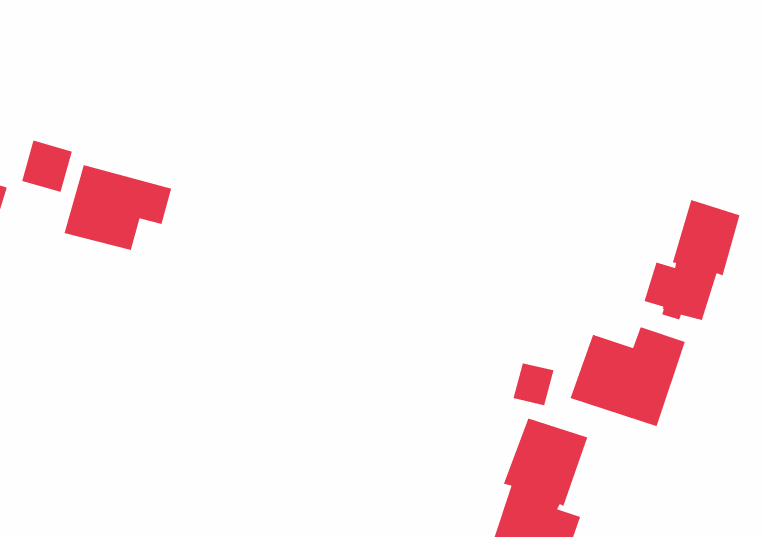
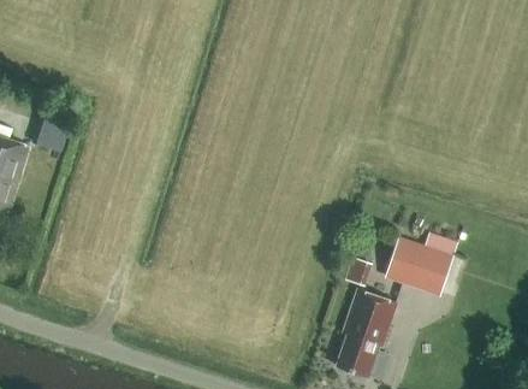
building: [64,164,172,251] -> none
building: [644,199,740,321] -> none

